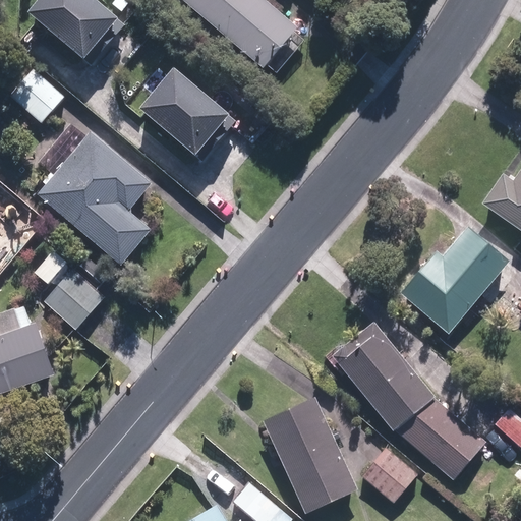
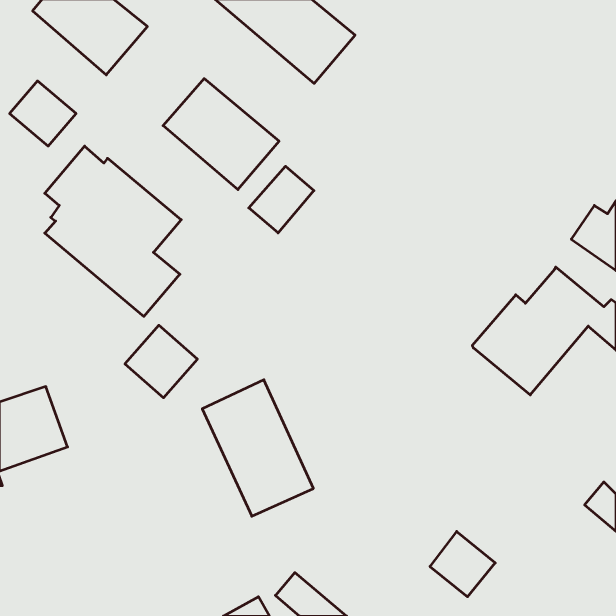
building: none -> [249,166,314,233]
building: [43,270,104,331] -> [125,325,197,398]
building: [332,321,484,479] -> none
building: [264,396,357,511] -> [202,380,313,516]

